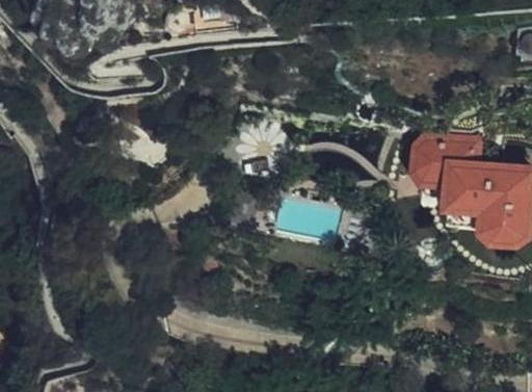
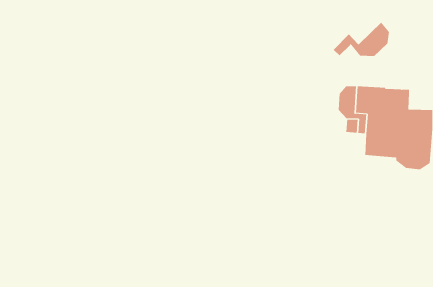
building: none -> [333,22,389,57]

